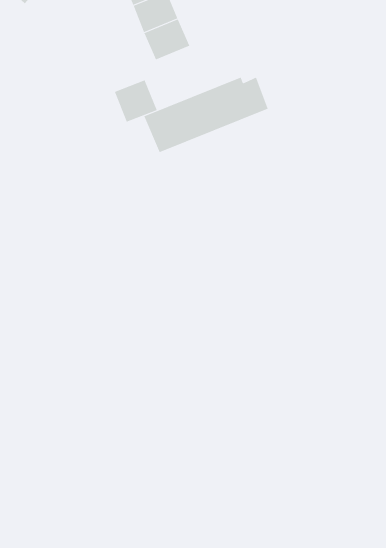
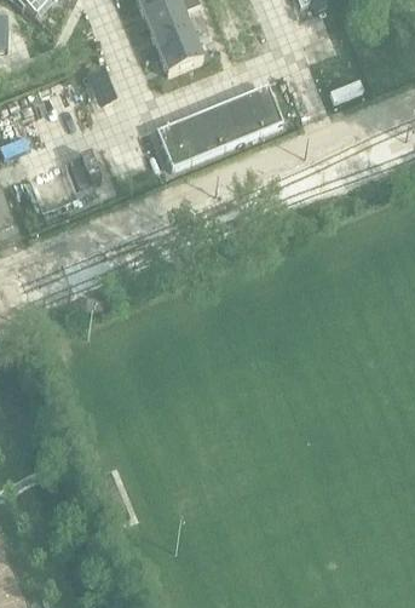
building: [114,80,157,122] -> none

